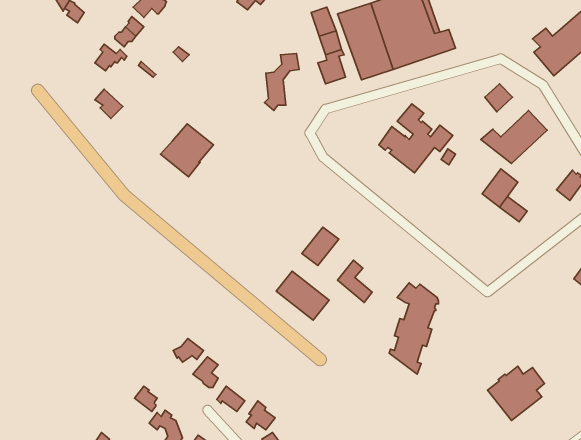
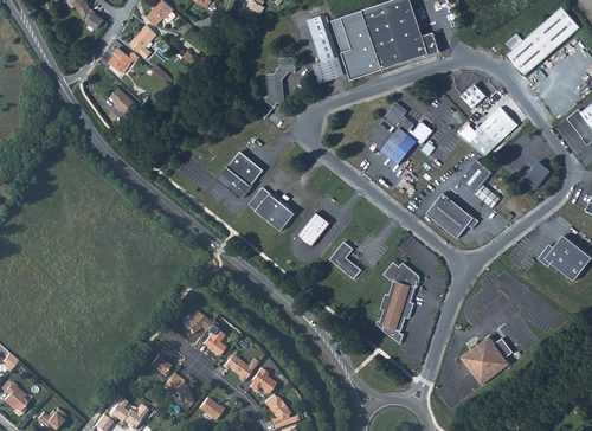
building: [160,124,214,177] -> [217,152,264,199]
building: none -> [426,193,477,238]
building: [276,271,329,320] -> [249,187,296,231]

